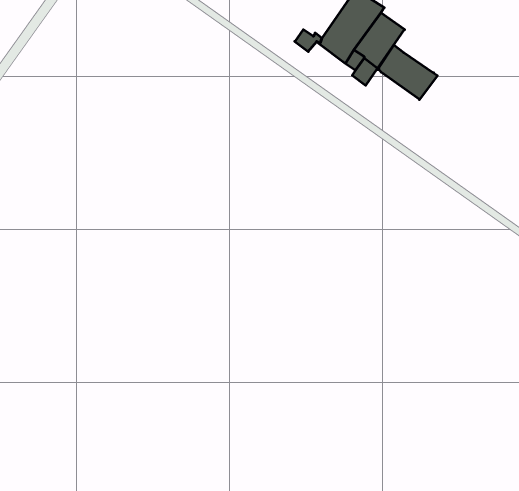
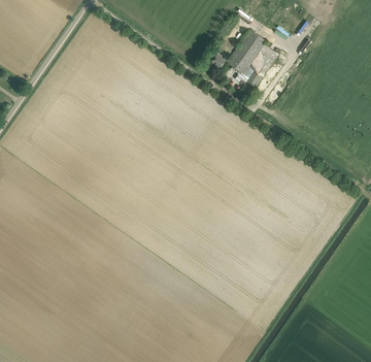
building: [378,45,437,100] -> none

